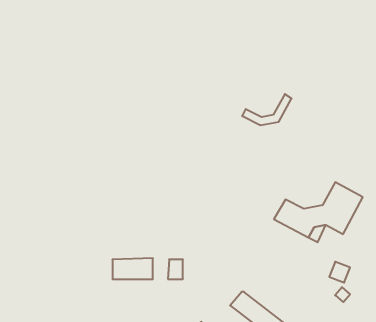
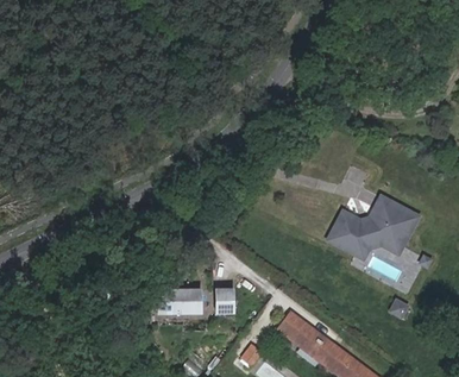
building: [242,94,292,125] -> [338,197,389,230]

